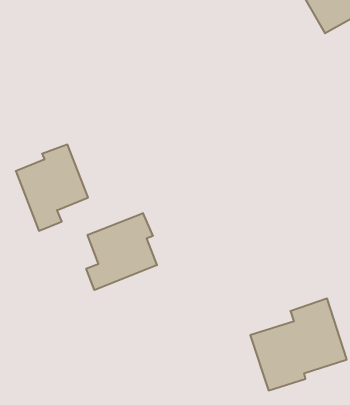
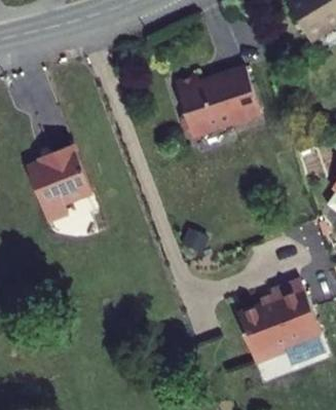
building: none -> [173,69,259,140]
building: [86,213,157,290] -> none

